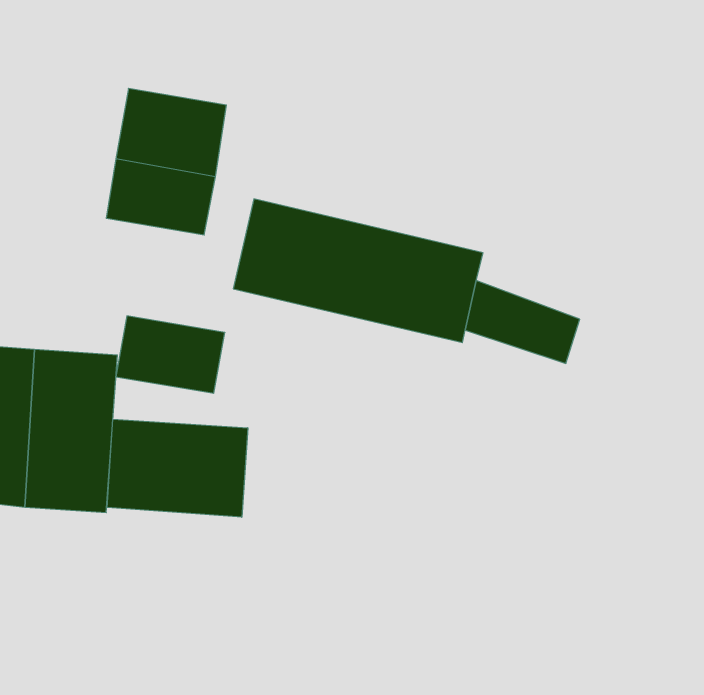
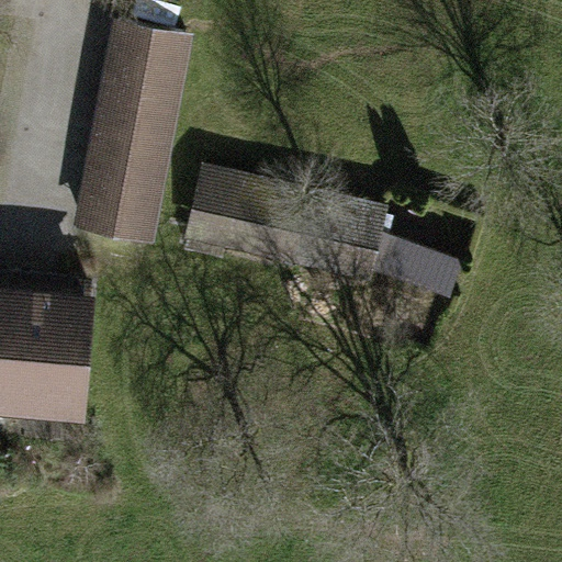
building: none -> [102,19,191,92]
building: [116,316,225,393] -> [76,182,162,244]
building: [107,419,248,517] -> none

